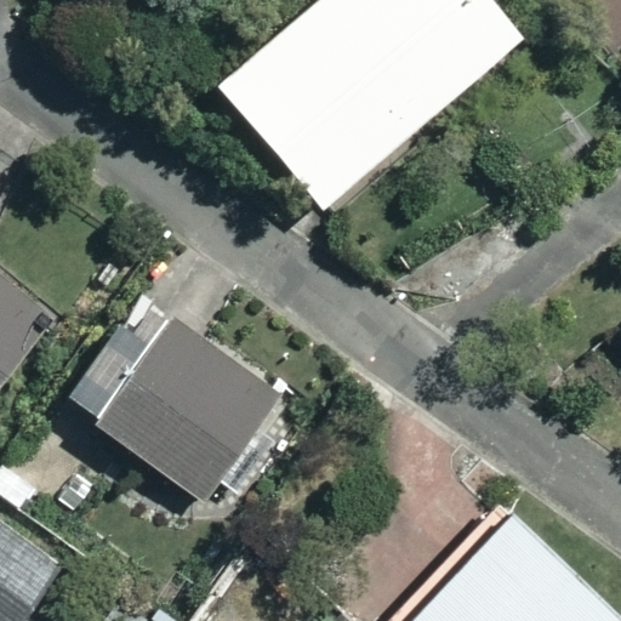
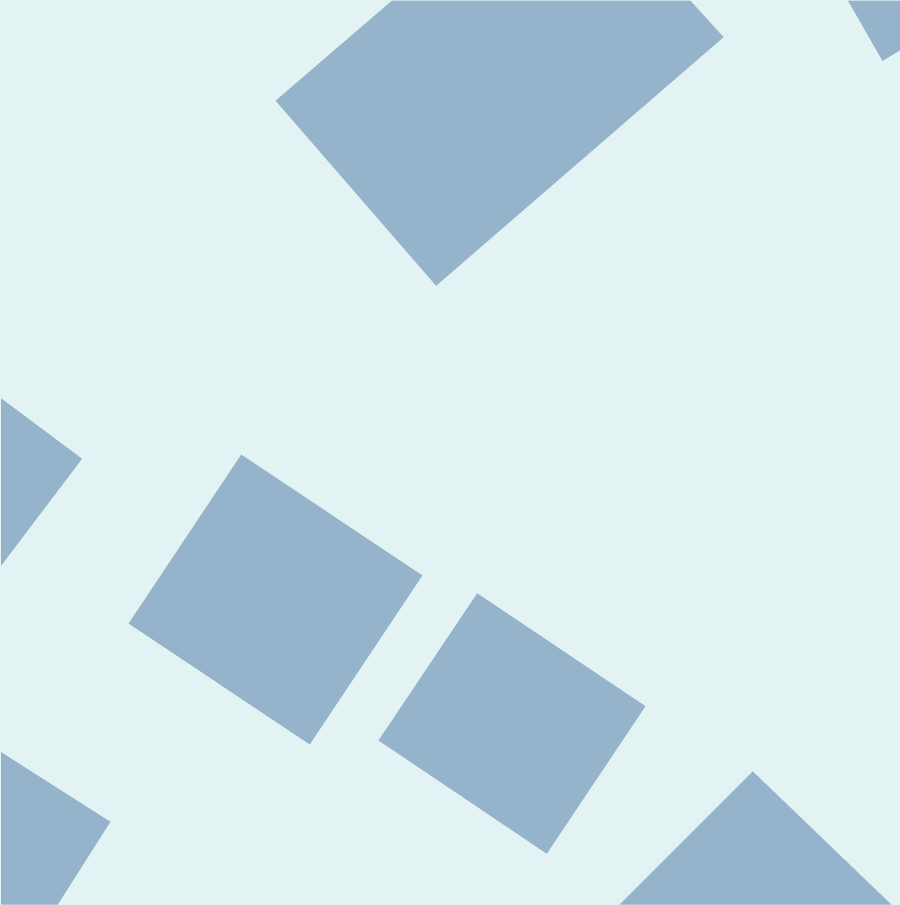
building: none -> [378,592,647,855]

